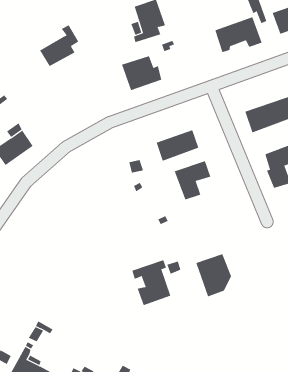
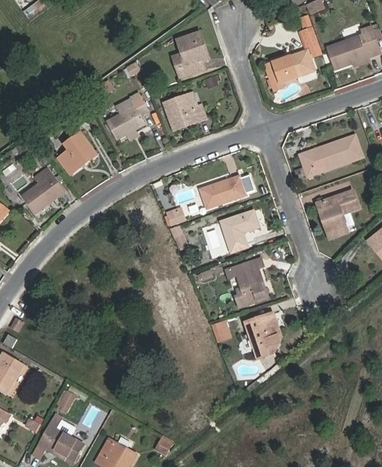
building: [39,24,79,67] -> [105,92,149,139]
building: none -> [56,131,98,176]
building: [131,260,171,306] -> [225,256,269,307]

